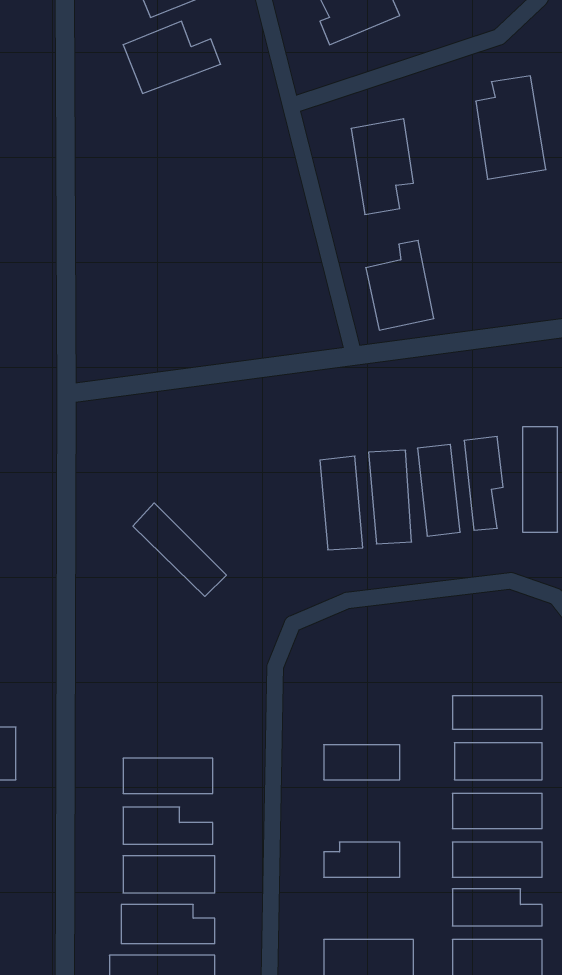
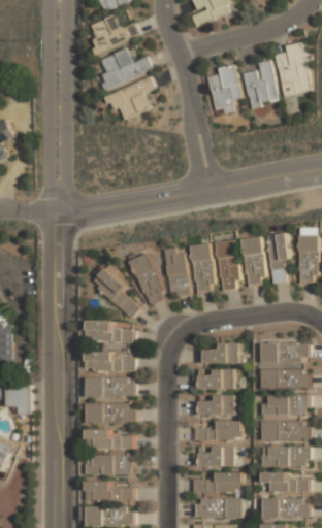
building: none -> [96,47,151,89]
building: none -> [104,77,153,119]
building: [366,240,434,330] -> [242,60,278,107]
building: none -> [164,248,189,297]
building: none -> [130,254,165,305]
building: none -> [86,324,135,343]
building: none -> [262,343,309,363]
building: none -> [197,344,238,363]
building: none -> [86,354,134,371]
building: none -> [193,370,233,389]
building: none -> [88,378,134,397]
building: none -> [194,421,242,440]
building: none -> [193,472,240,493]

